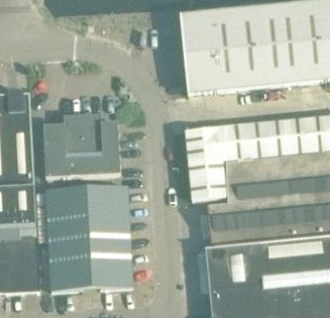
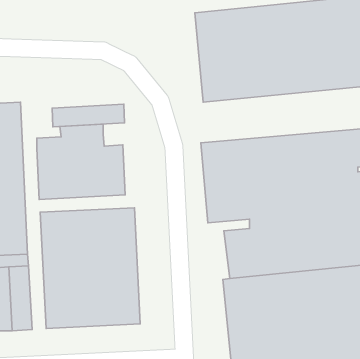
building: none -> [52,104,125,127]

